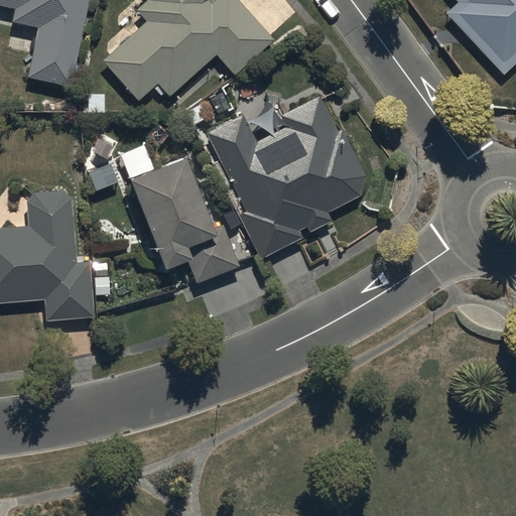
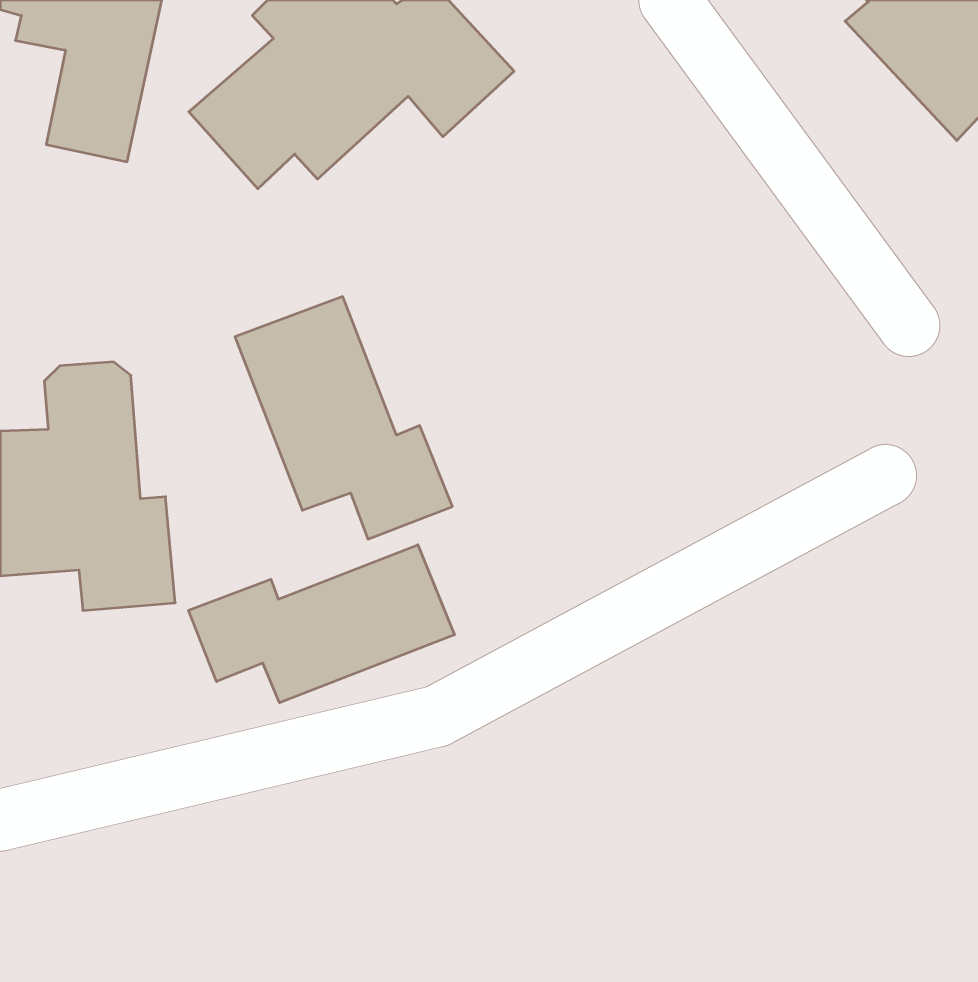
building: [208,95,367,257] -> none
building: none -> [189,545,454,703]

